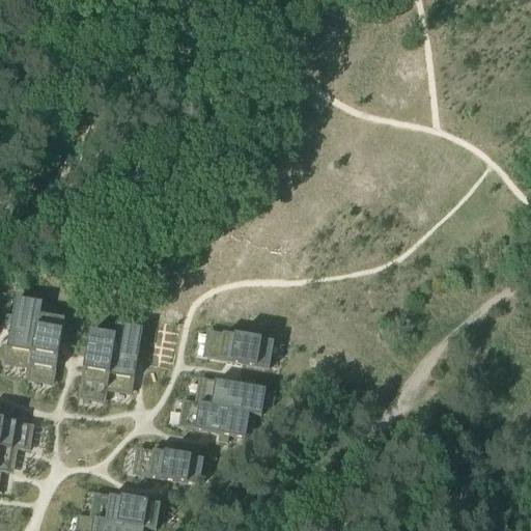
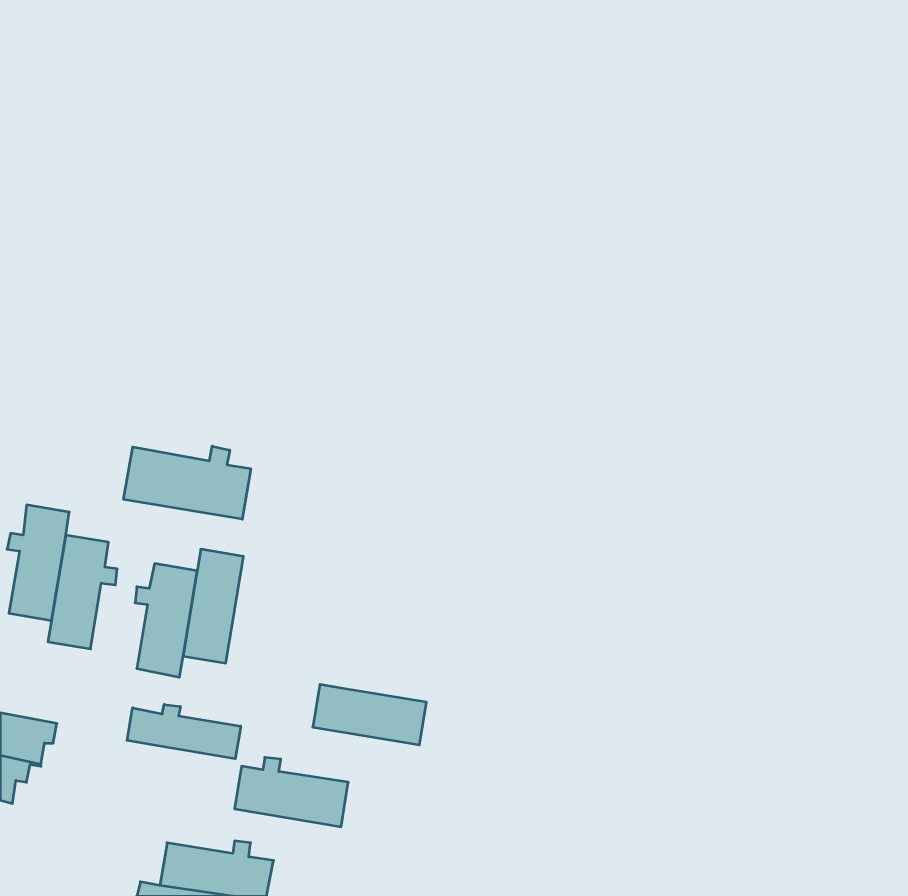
building: none -> [124,446,251,519]
building: [206,328,274,365] -> none
building: [199,375,266,412] -> none
building: none -> [127,704,241,759]

